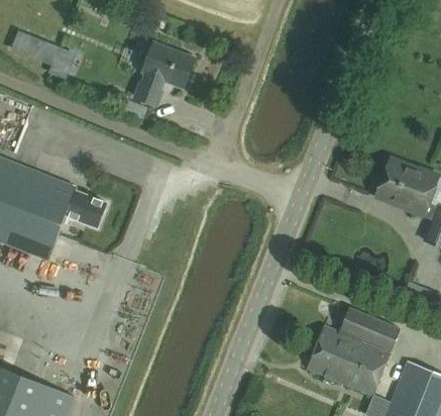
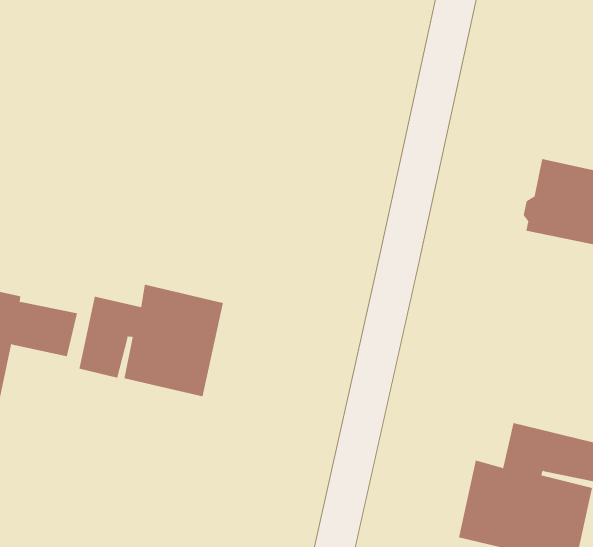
building: [135,43,194,106] -> none
building: none -> [79,284,224,397]

